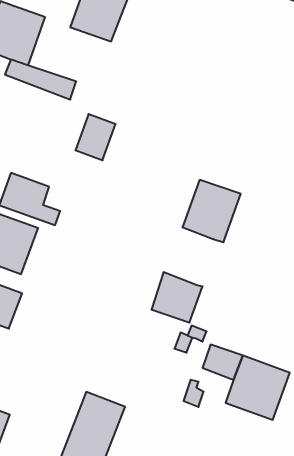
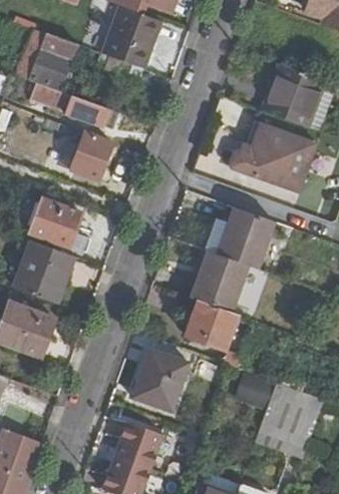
building: none -> [258,61,317,124]
building: none -> [229,124,317,194]
building: [75,114,116,160] -> [72,133,112,179]
building: none -> [190,251,247,312]
building: none -> [132,350,185,409]

